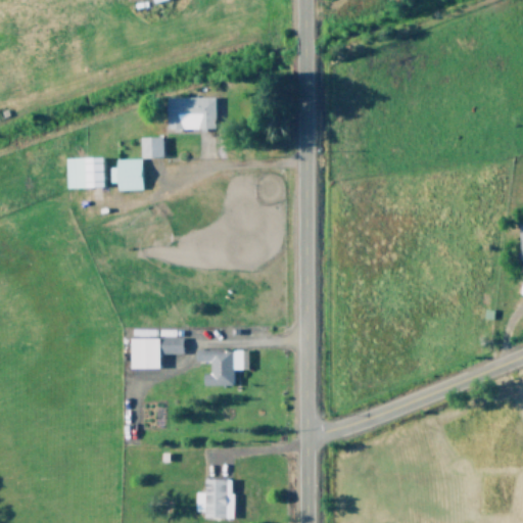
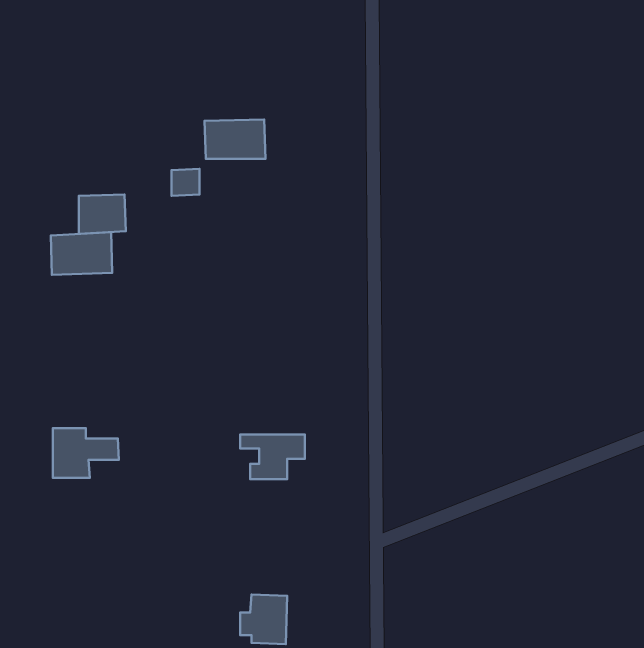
building: [111,158,144,190] -> none
building: none -> [51,232,112,275]
building: [132,329,185,369] -> [53,428,119,478]

